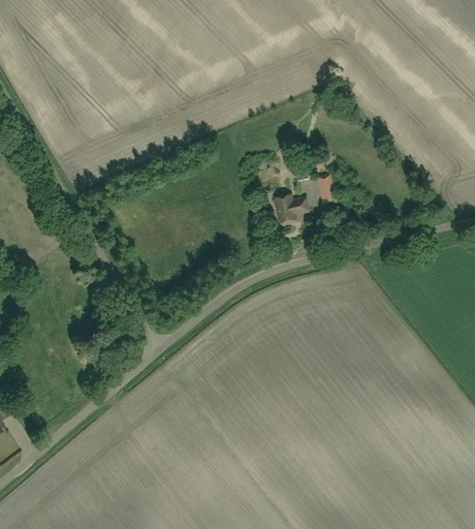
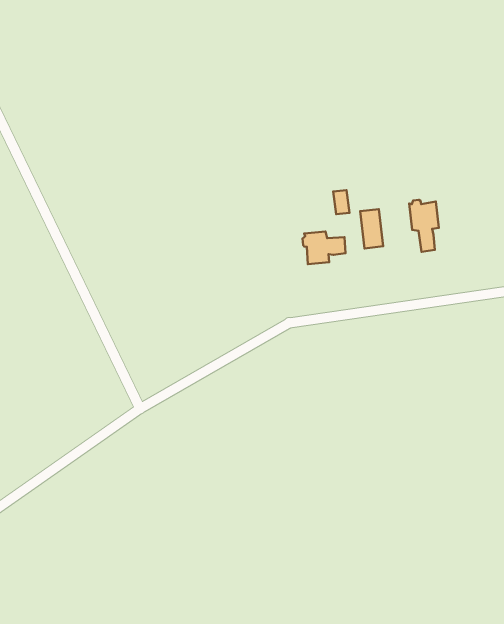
building: none -> [409,200,439,252]

